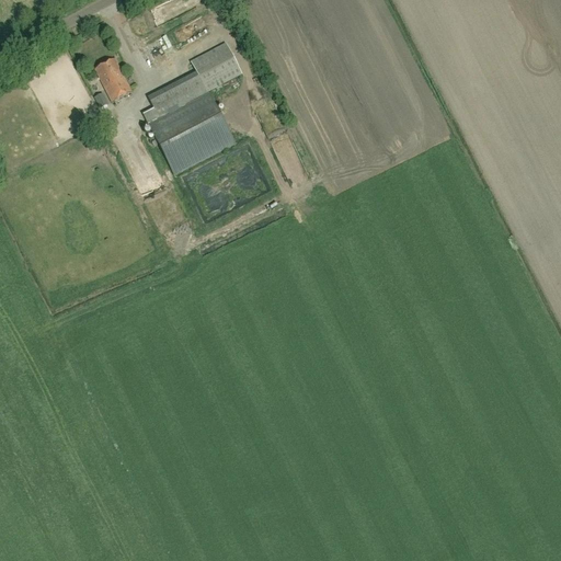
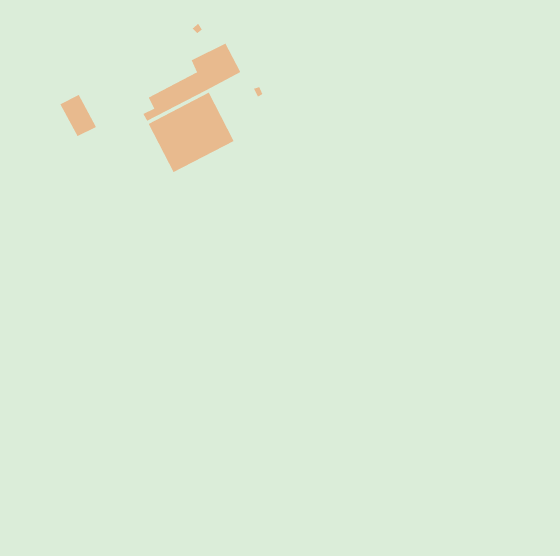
building: [94,58,131,101] -> [60,94,97,137]

